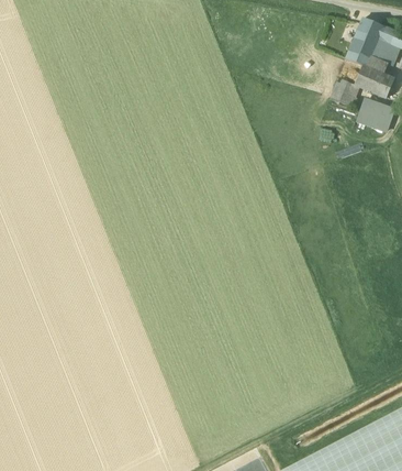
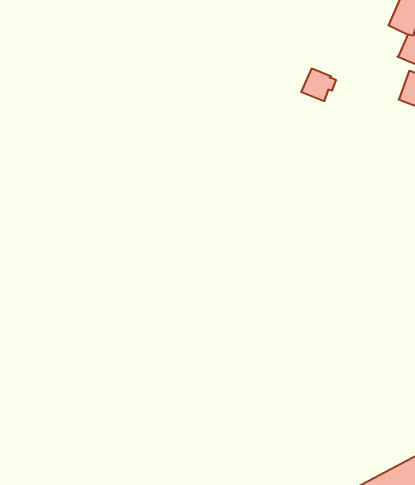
building: [331,78,360,106] -> [301,69,336,101]

